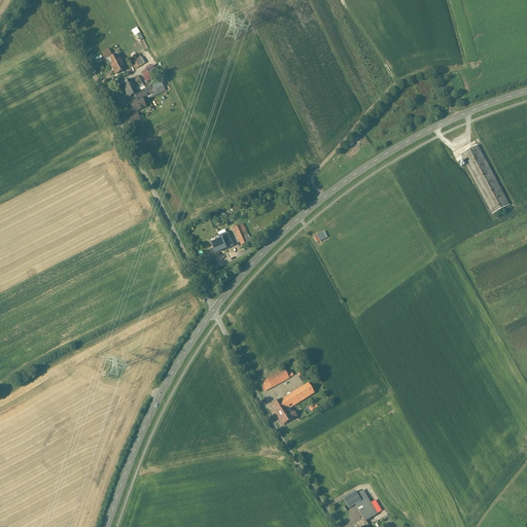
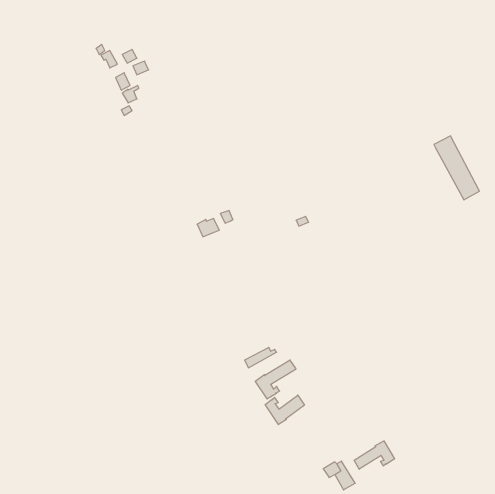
building: none -> [265,395,304,425]
building: none -> [354,441,395,469]

